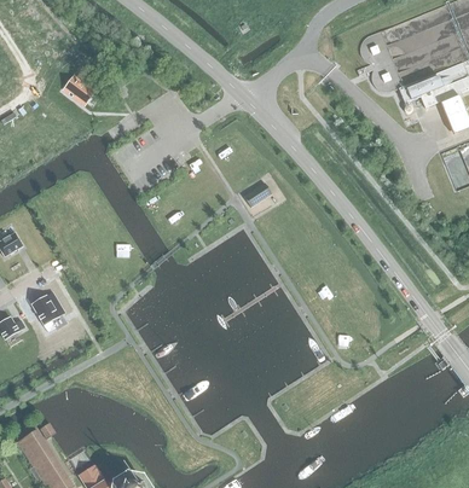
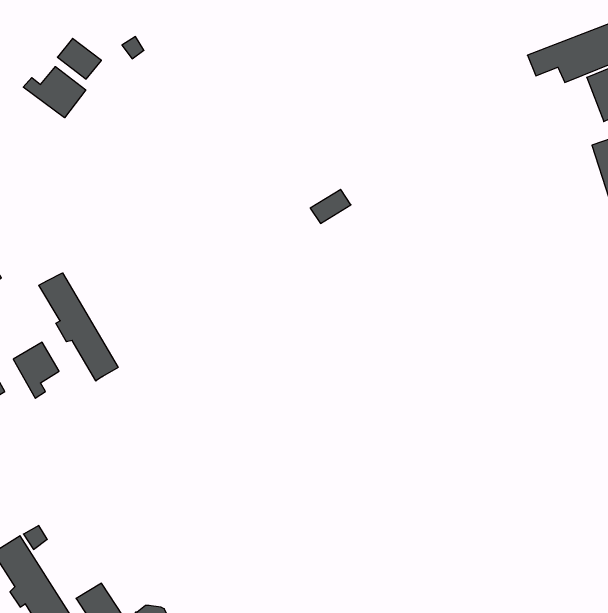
building: none -> [23,67,86,118]
building: none -> [39,273,118,381]

